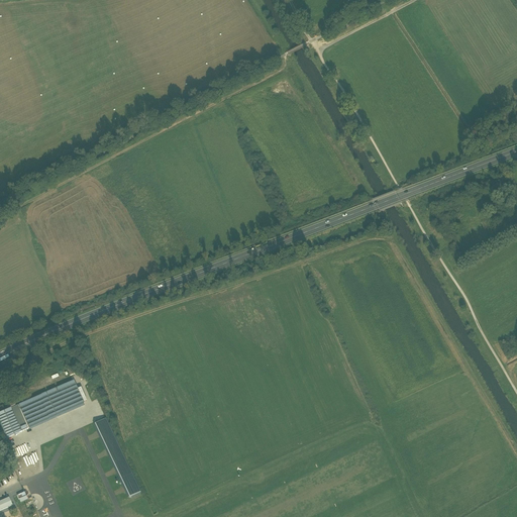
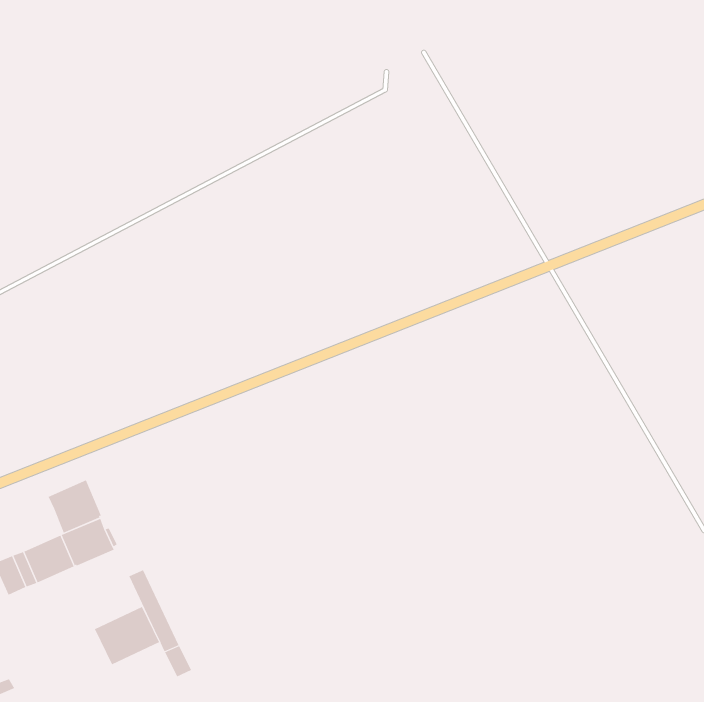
building: none -> [48,480,102,534]
building: none -> [94,606,160,665]

